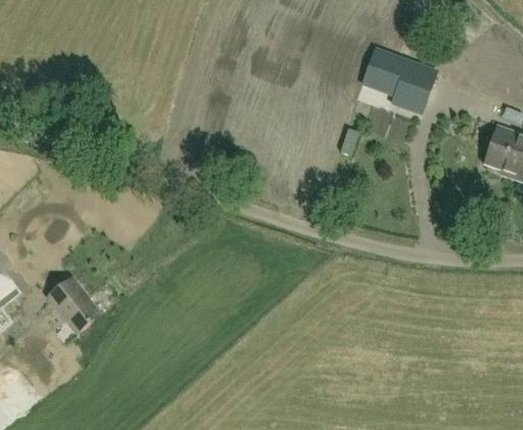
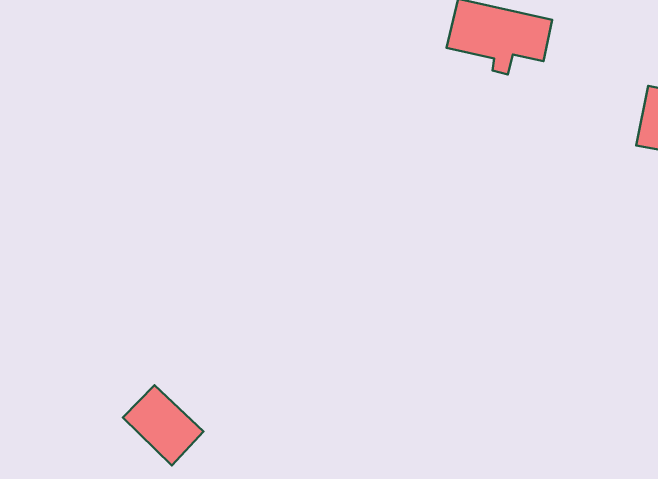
building: [46,277,100,334] -> [123,385,204,465]

